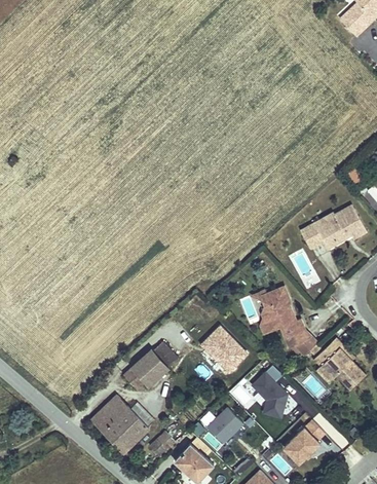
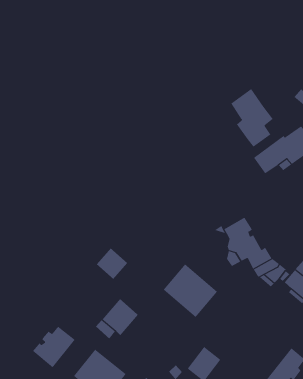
building: none -> [231,88,273,147]
building: [151,337,183,369] -> [96,248,128,280]
building: [252,366,287,419] -> none
building: none -> [32,326,75,368]

